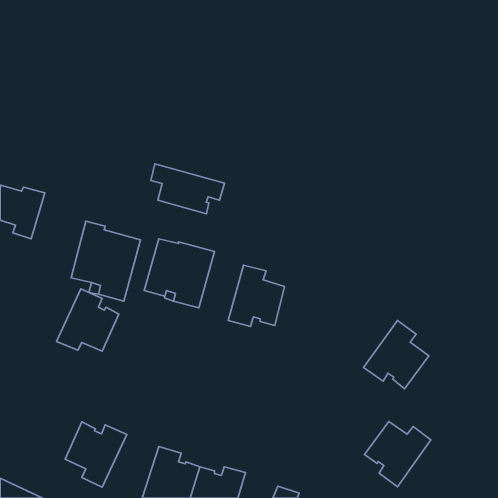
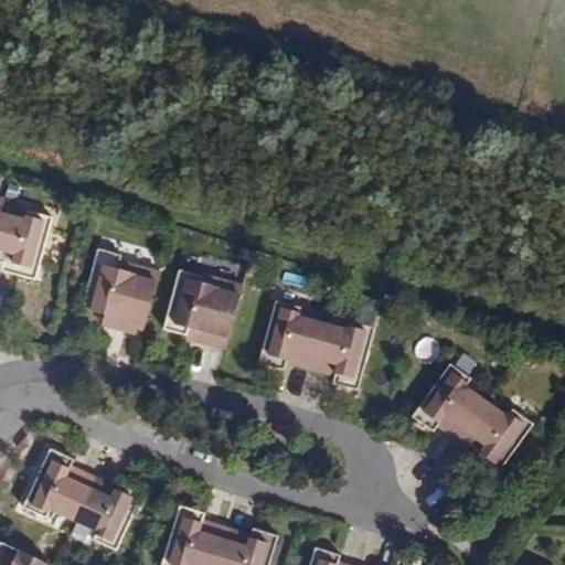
building: [151,164,224,214] -> none
building: none -> [311,320,375,391]
building: [56,289,119,351] -> [22,449,93,520]
building: [364,421,431,487] -> [458,403,533,477]

